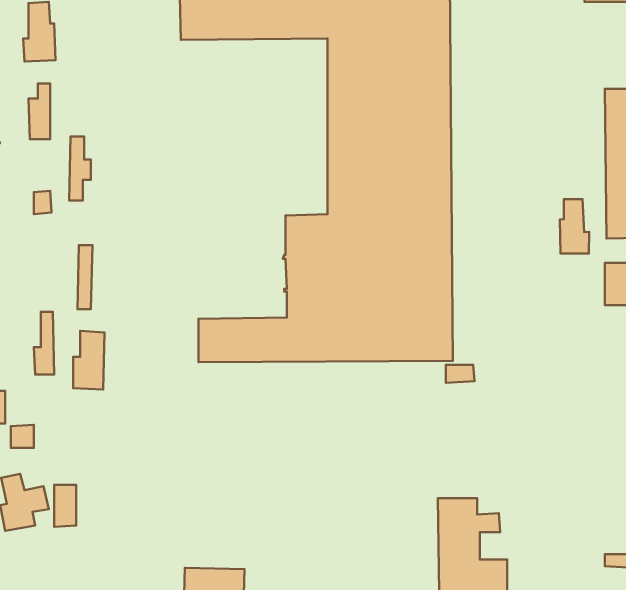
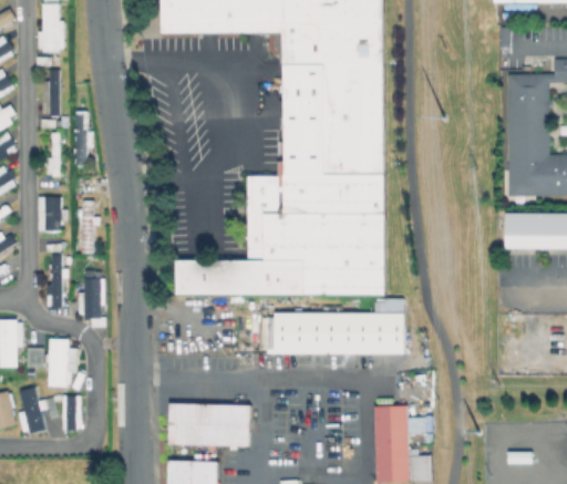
building: [560,199,589,254] -> none
building: none -> [37,196,60,230]
building: none -> [274,313,403,356]
building: none -> [45,338,75,385]
building: none -> [168,405,249,447]

